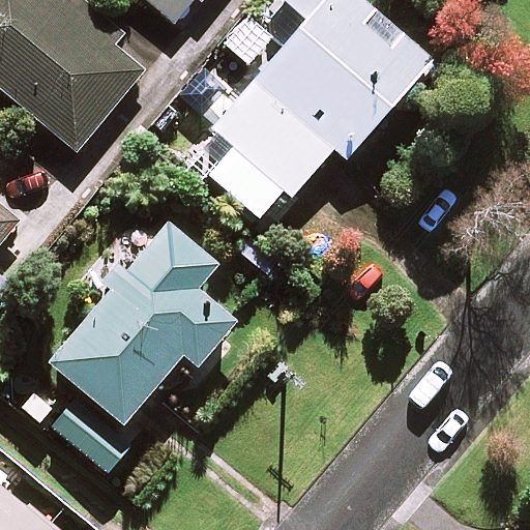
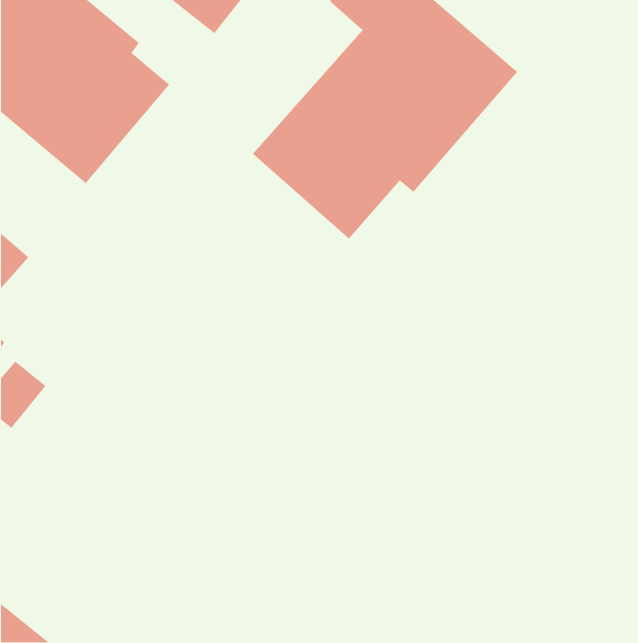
building: [48,246,235,424] -> none

